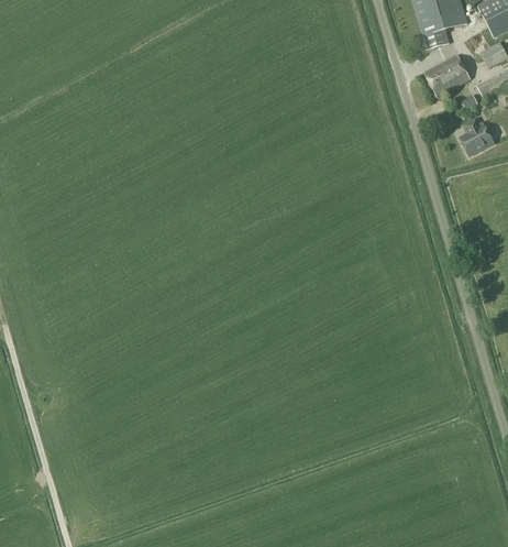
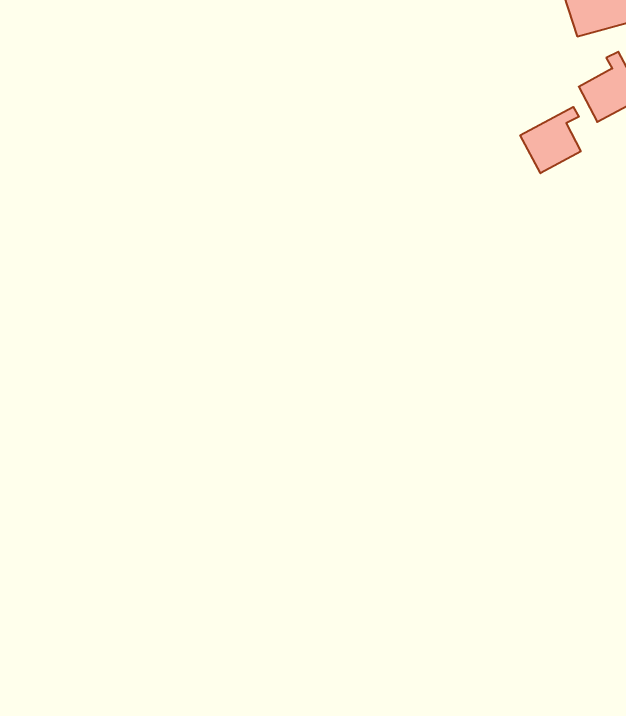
building: none -> [520,107,581,173]

